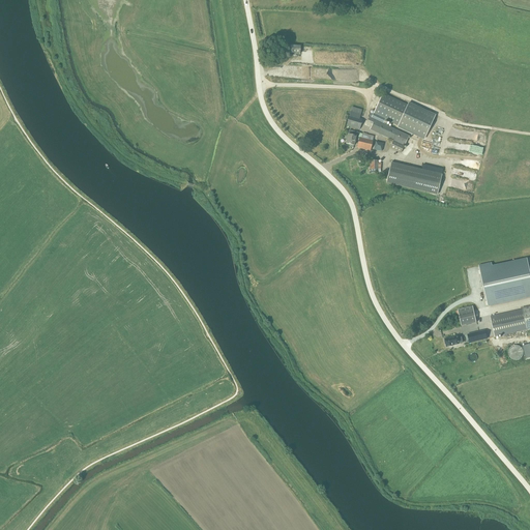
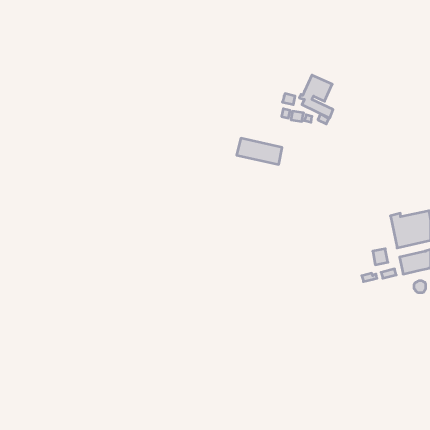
building: [399,101,437,139] -> none
building: [387,161,443,194] -> [237,138,282,164]

